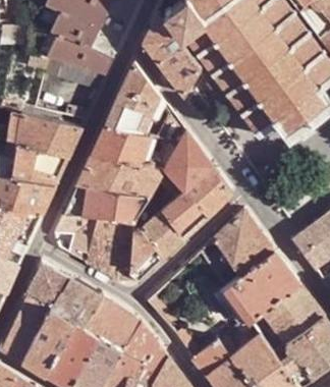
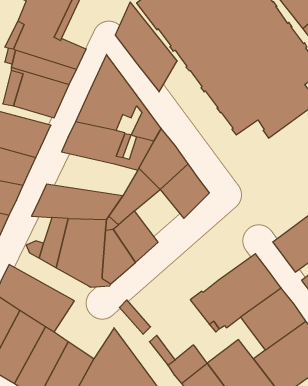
building: [77,155,164,197] -> none
building: [161,190,208,240] -> none
building: [213,210,276,277] -> none
building: [85,296,142,351] -> none

